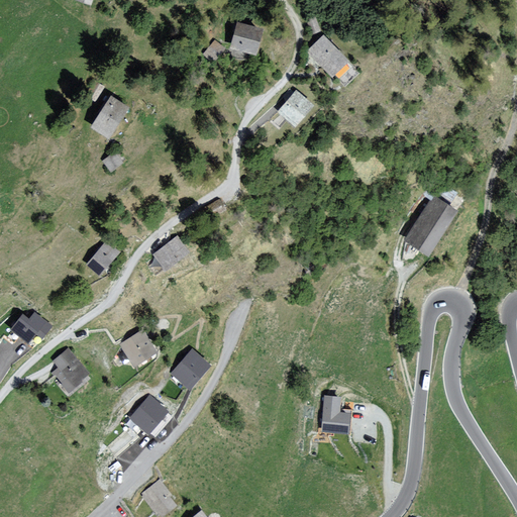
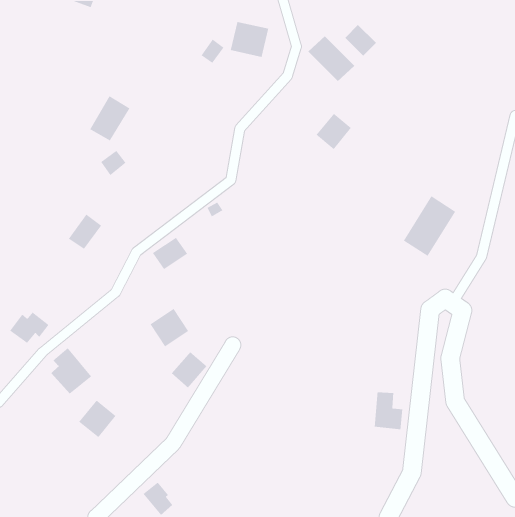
building: none -> [344,24,377,57]
building: [276,89,312,126] -> [315,113,352,150]
building: [86,240,120,277] -> [68,213,102,250]
building: [121,329,161,369] -> [150,308,189,347]
building: [319,396,348,434] -> [374,392,403,430]
building: [128,397,167,435] -> [78,400,117,438]

